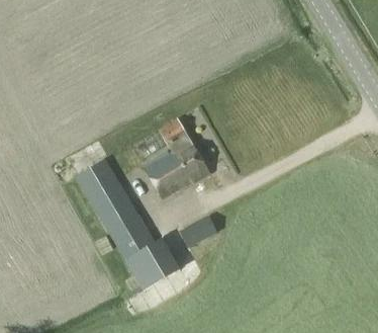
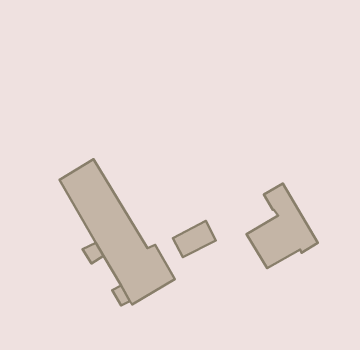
building: [143,118,208,196] -> [246,183,318,268]

